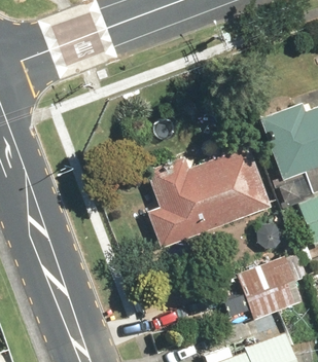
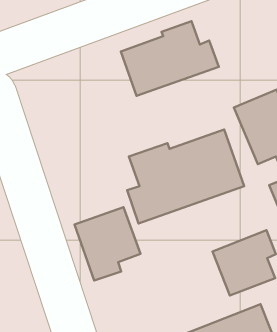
building: none -> [121,21,219,96]
building: none -> [74,207,141,281]

